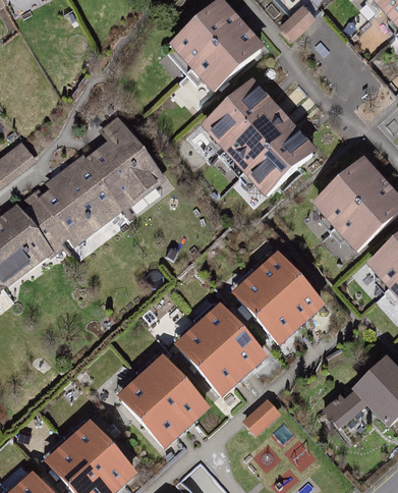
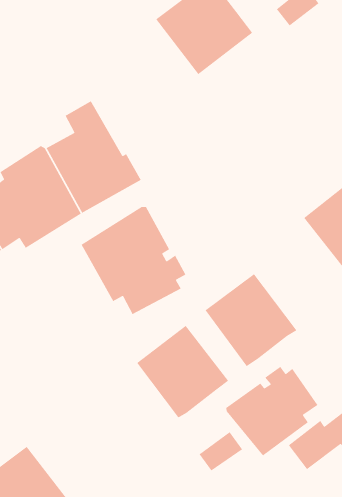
building: [206,84,311,191] -> none
building: none -> [81,206,187,315]
building: none -> [225,366,318,456]
building: [121,360,204,443] -> none

